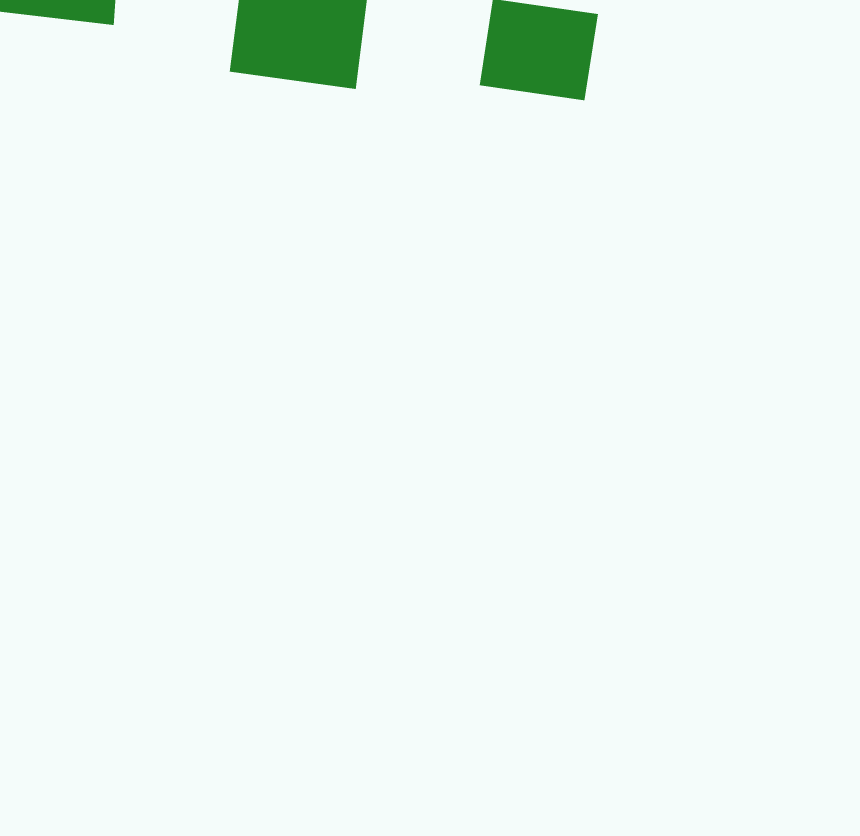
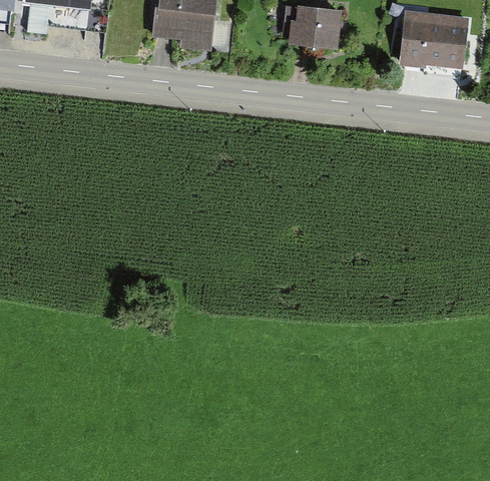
building: none -> [399,13,469,64]

